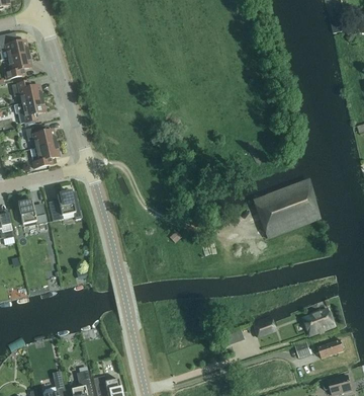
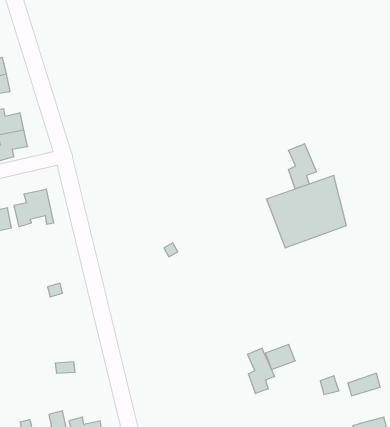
building: none -> [288,144,316,189]
building: [303,308,335,334] -> none
building: none -> [247,348,275,394]

